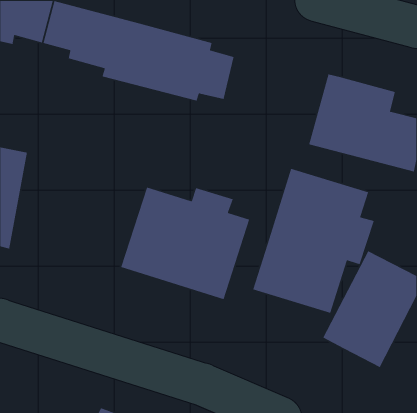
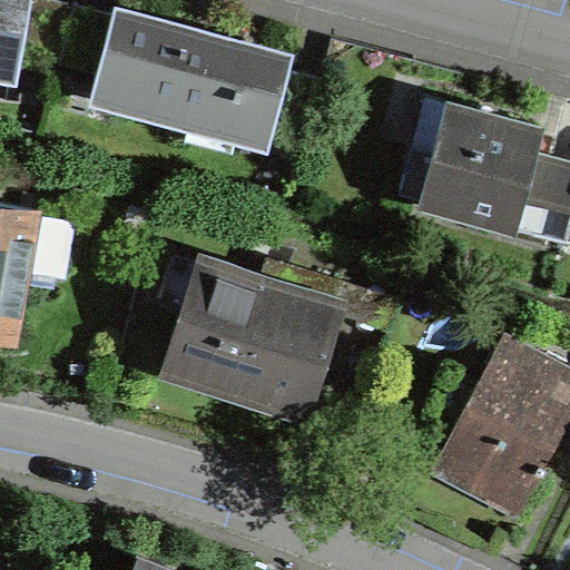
building: [252,168,375,314] -> none

